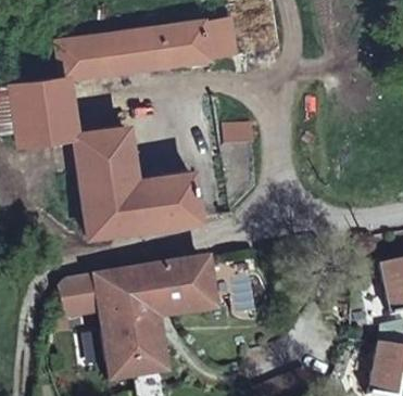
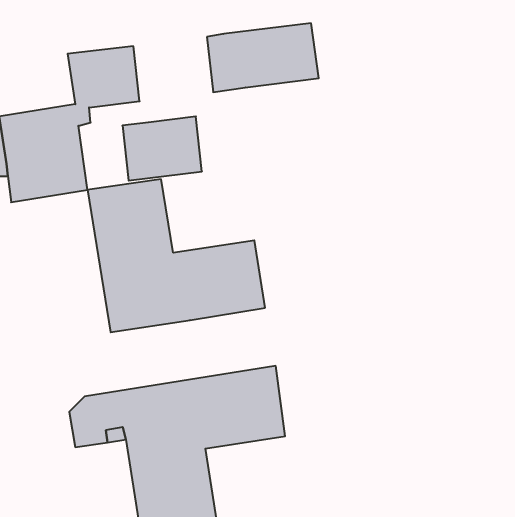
building: [105,27,162,73] -> [122,116,202,181]

